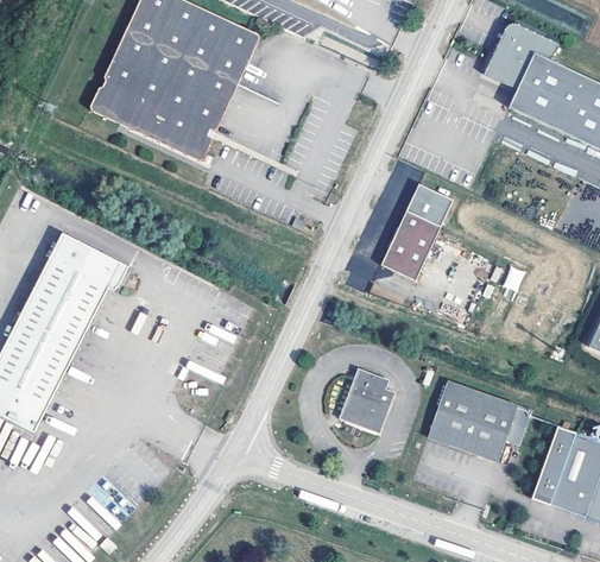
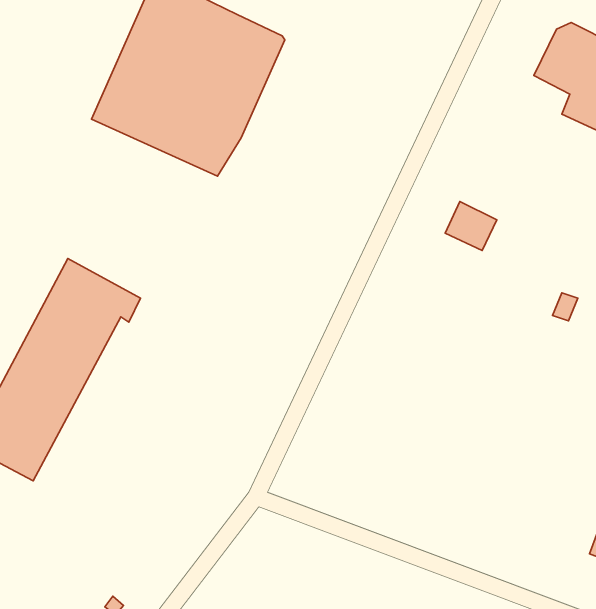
building: [379,210,437,279] -> none
building: [340,371,390,431] -> none
building: [428,381,533,466] -> none

